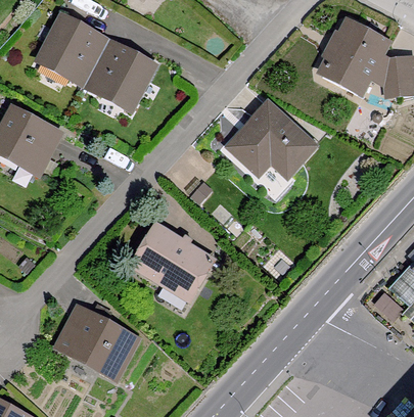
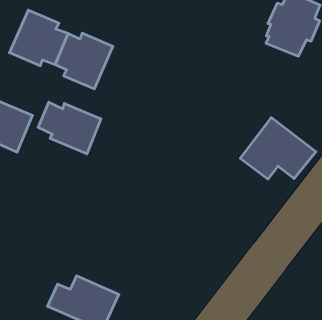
building: [229,102,313,172] -> [240,118,316,179]
building: none -> [38,102,101,154]
building: [132,223,212,296] -> none

